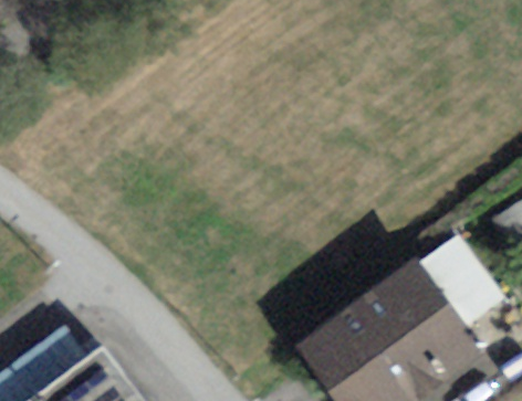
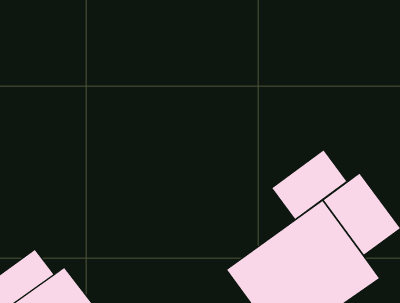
building: none -> [271,150,347,220]

